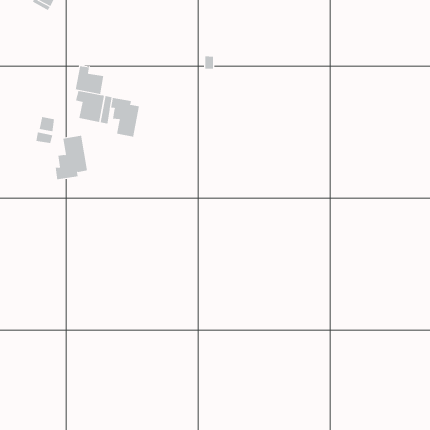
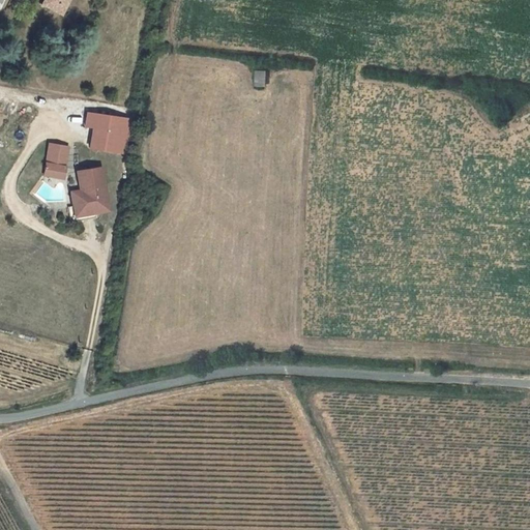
building: [75,66,104,95] -> none
building: [111,97,140,138] -> none

